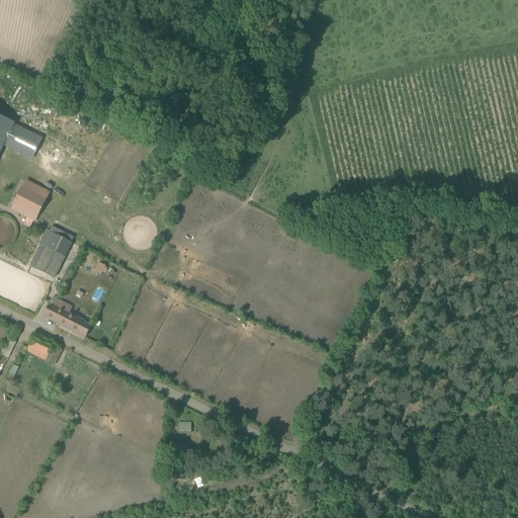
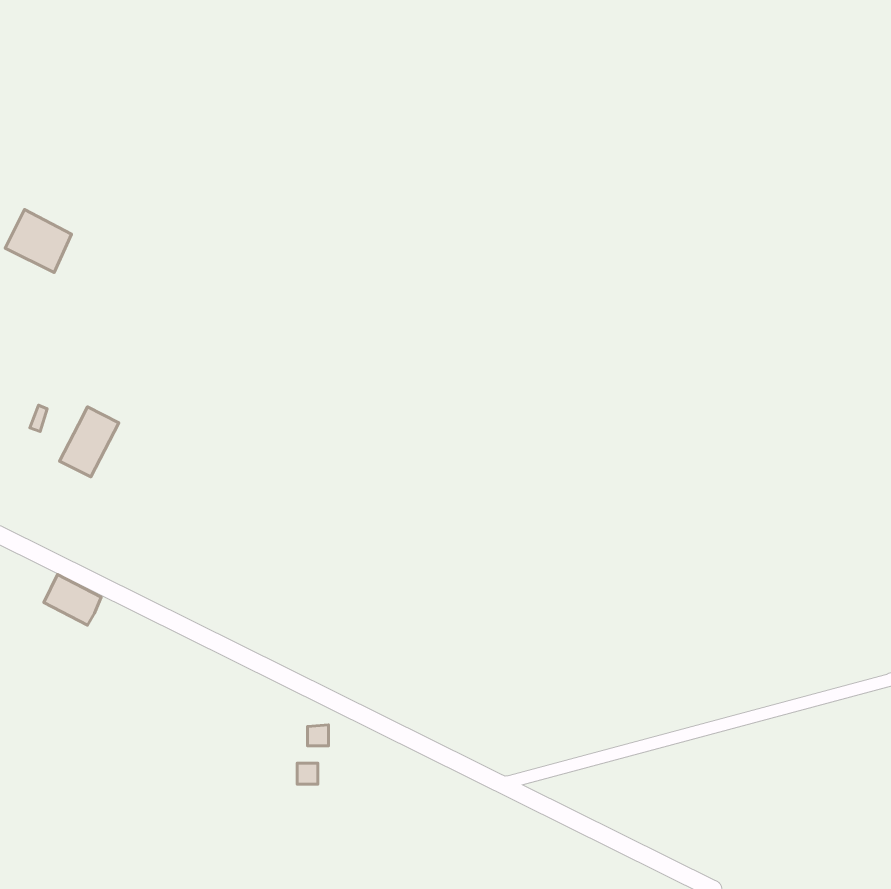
building: [13,186,44,214] -> none
building: [42,296,90,335] -> none

